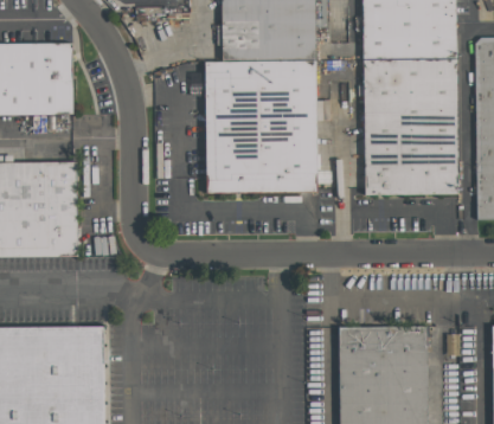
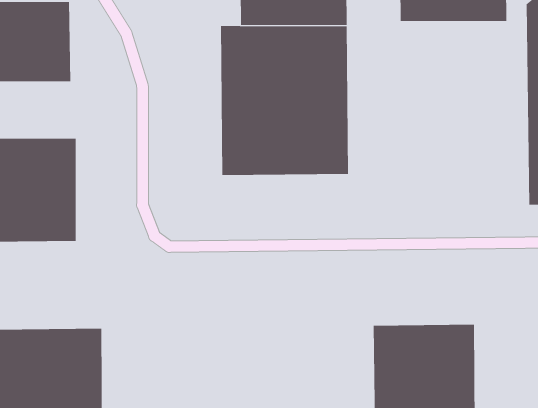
building: [364,58,458,195] -> none

